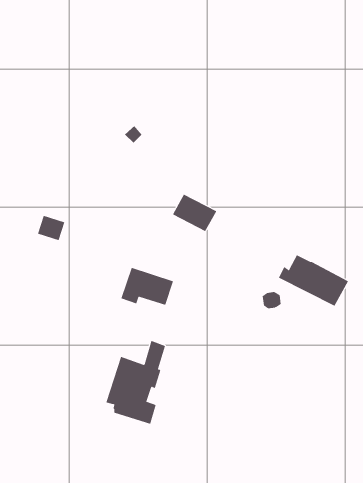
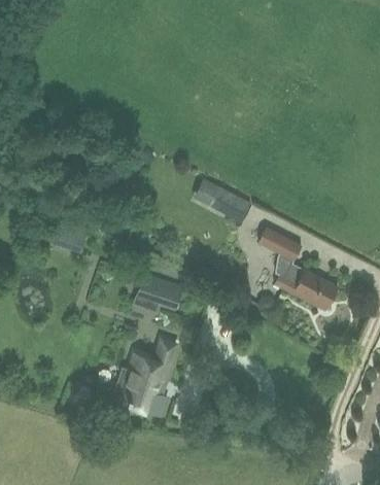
building: [172,194,217,232] -> [208,186,248,220]
building: none -> [258,228,301,261]

